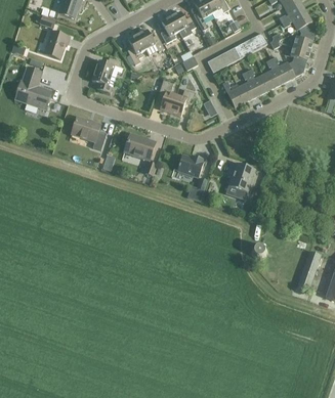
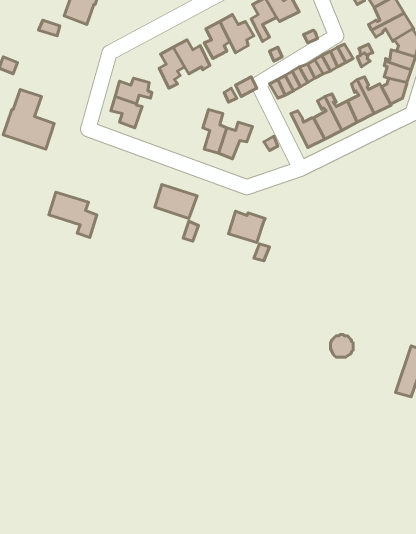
building: [43,30,69,58] -> none
building: [70,117,104,149] -> [49,192,97,237]
building: [227,162,254,197] -> none

